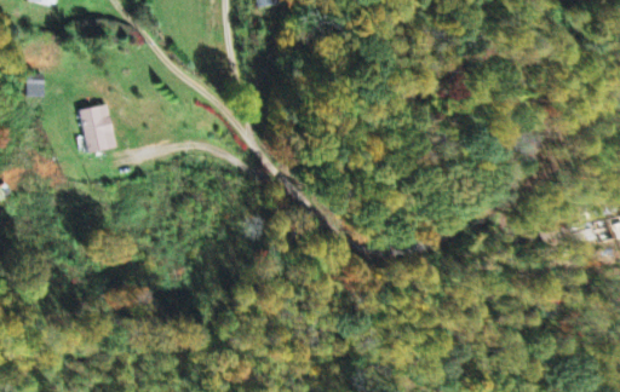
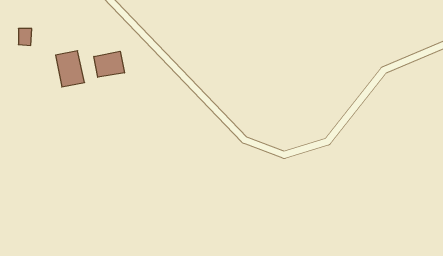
building: none -> [94,51,124,77]

